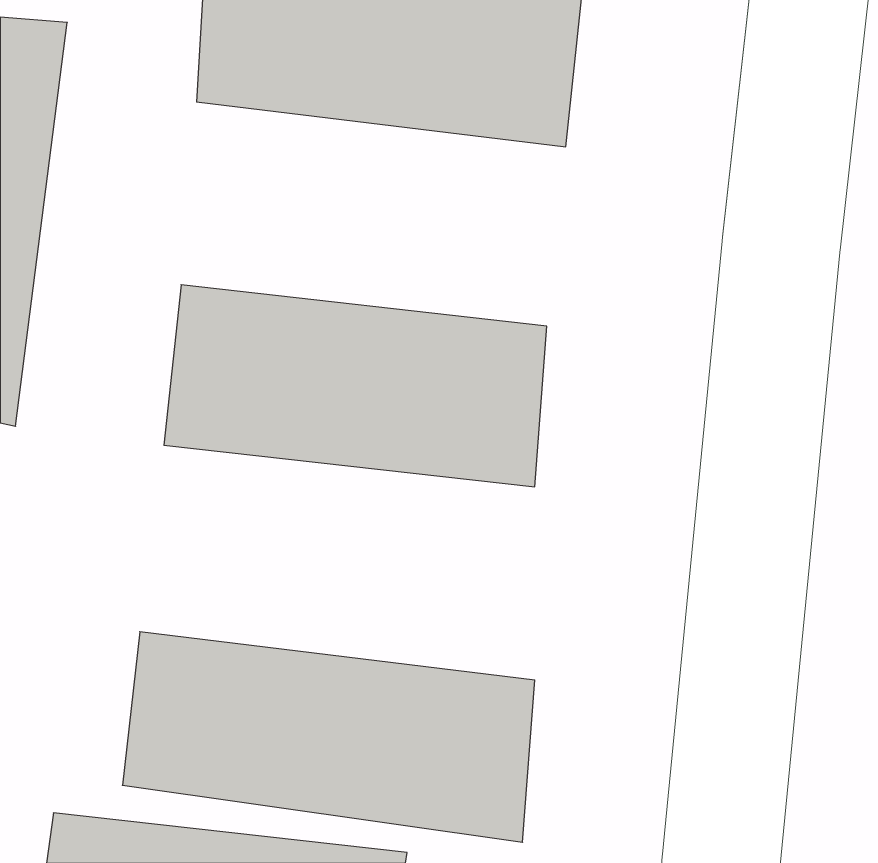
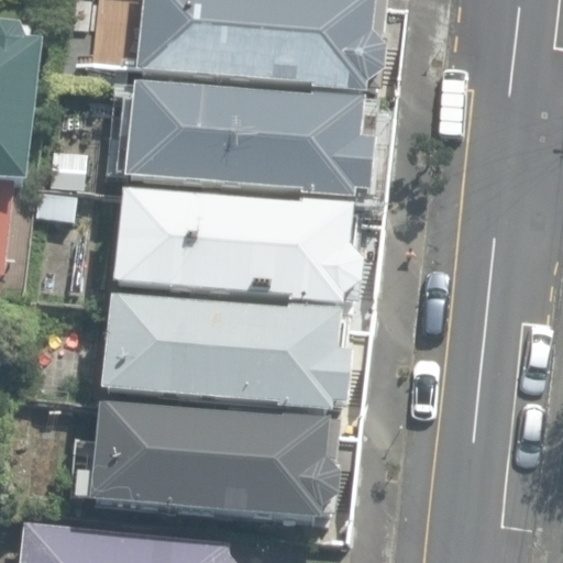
building: none -> [115,75,361,200]
building: none -> [97,292,346,422]

